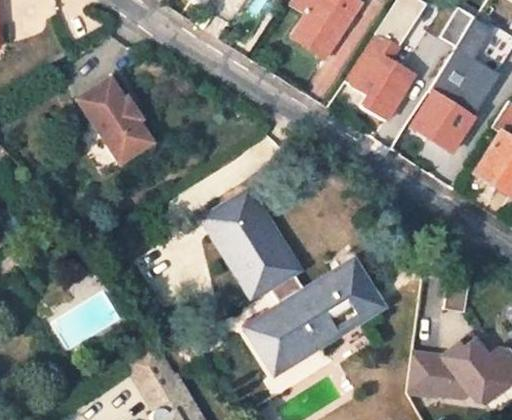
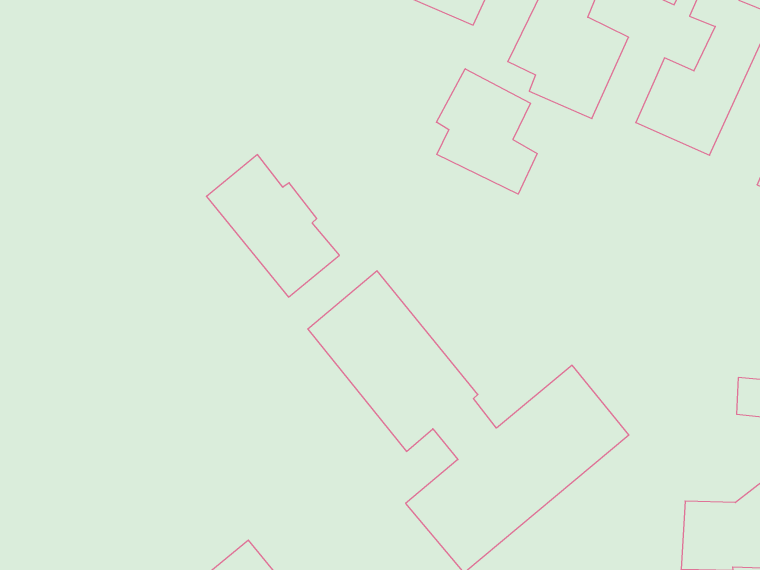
building: [80,75,152,160] -> [206,155,339,297]
building: none -> [436,69,537,194]

